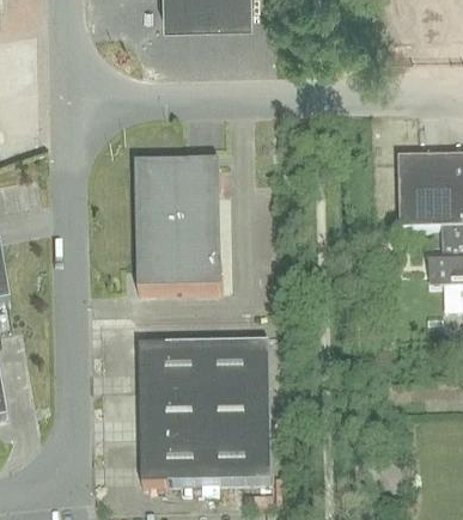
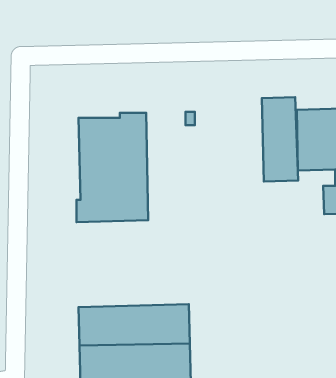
building: none -> [262,97,298,181]
building: [138,342,269,391] -> none

